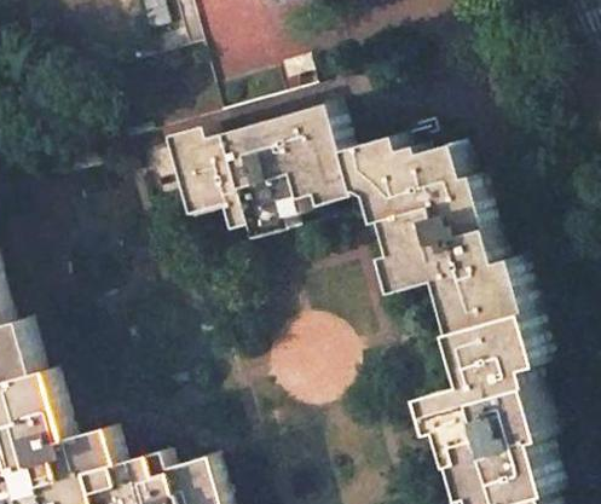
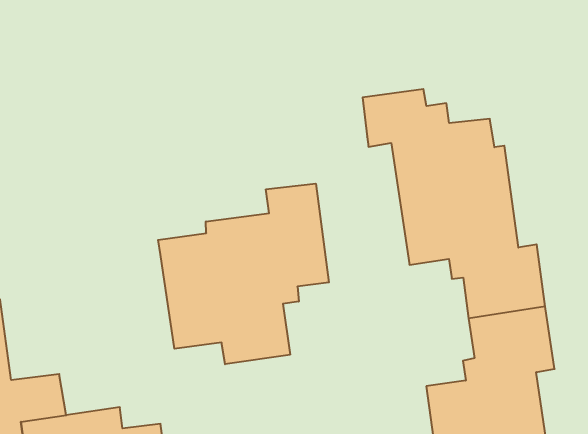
building: [166,105,348,230] -> none
building: none -> [158,184,329,364]

